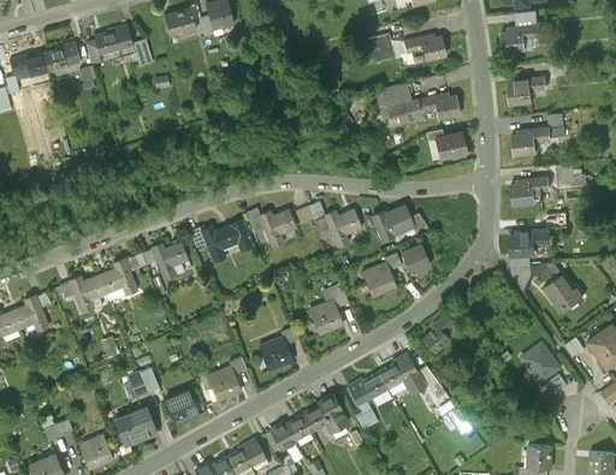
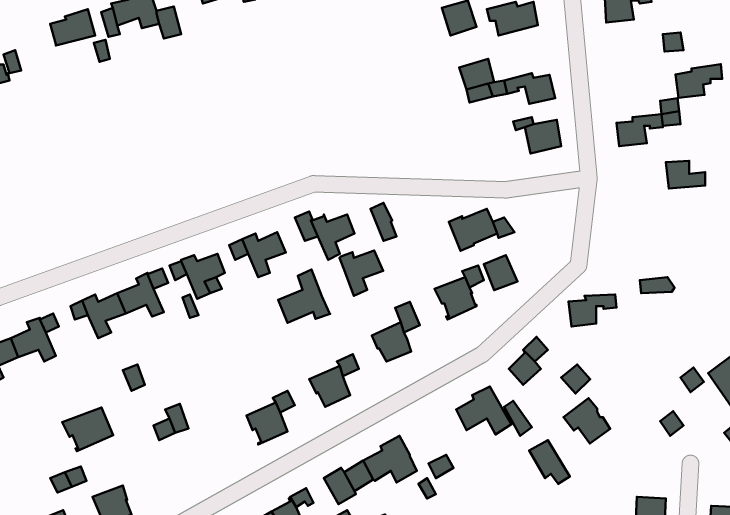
building: [10,53,48,76] -> none
building: [508,76,546,103] -> [676,64,722,98]
building: [510,177,549,204] -> none
building: [325,210,361,248] -> [339,251,383,296]
building: [509,230,549,256] -> [569,294,617,326]
building: none -> [278,269,330,323]
building: [544,274,582,313] -> none
building: [521,342,559,379] -> [564,398,610,443]
building: [348,372,387,404] -> none
building: [165,390,196,423] -> none
building: [113,408,155,444] -> [62,408,113,451]

